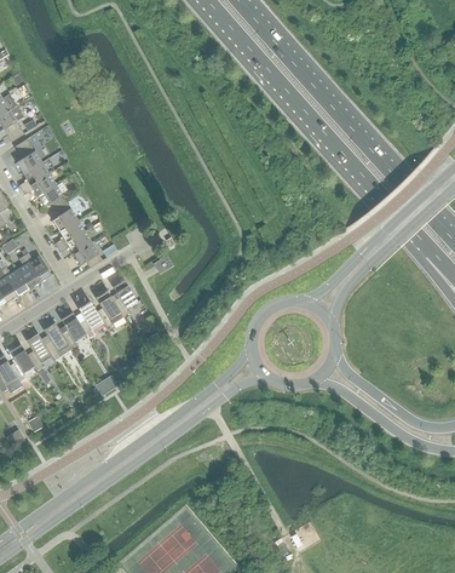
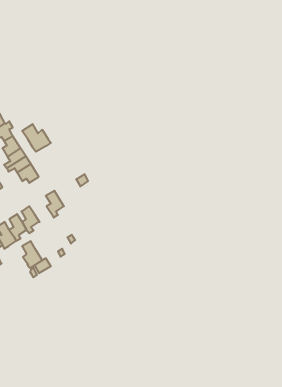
building: none -> [22,124,51,152]
building: [94,290,122,327] -> [22,241,42,268]

